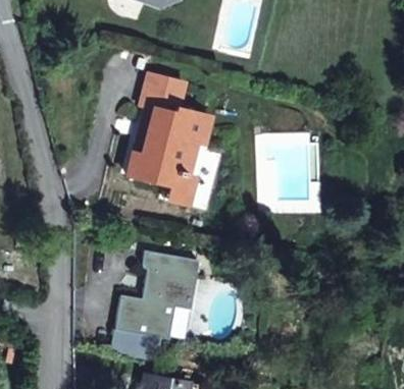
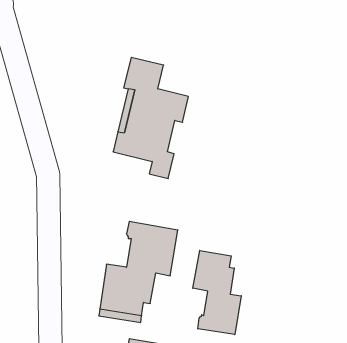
building: none -> [193,250,241,335]

